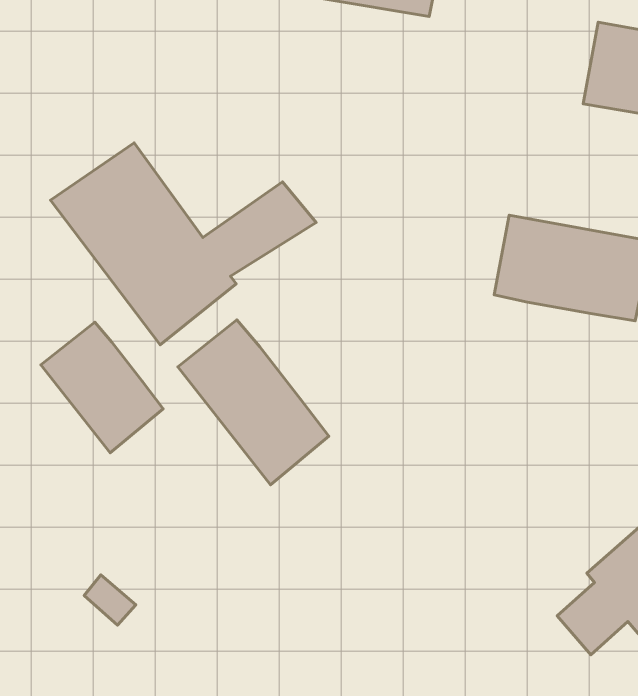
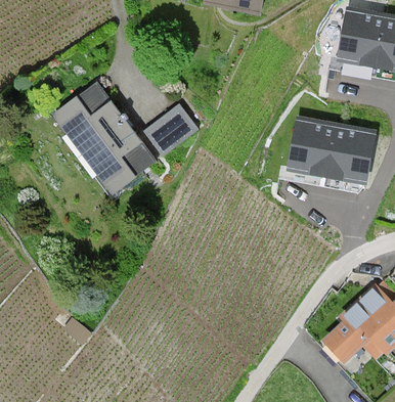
building: [178,320,329,485] -> none
building: [41,322,163,453] -> none

